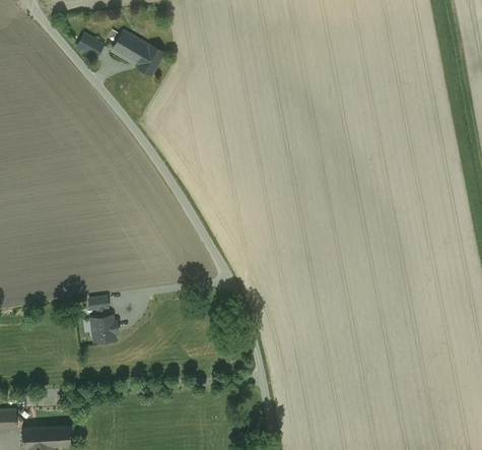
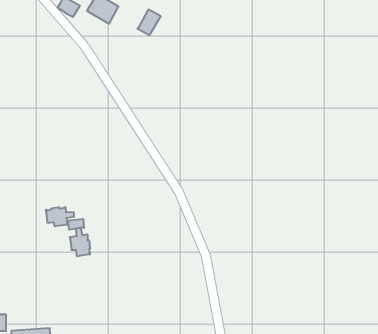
building: [137,45,164,75] -> [137,9,161,35]
building: none -> [46,207,74,226]

